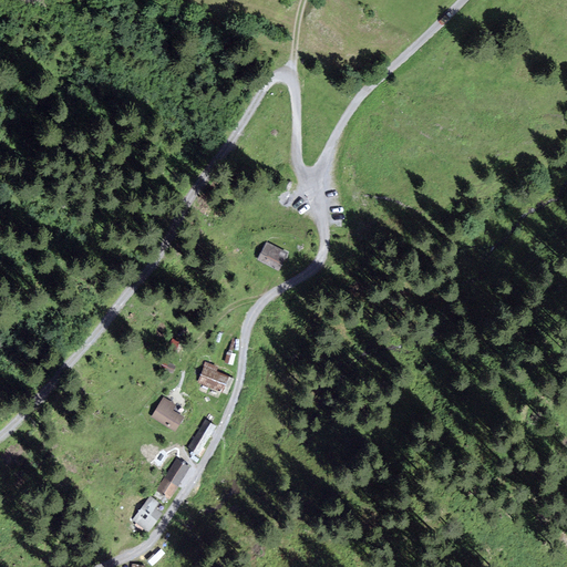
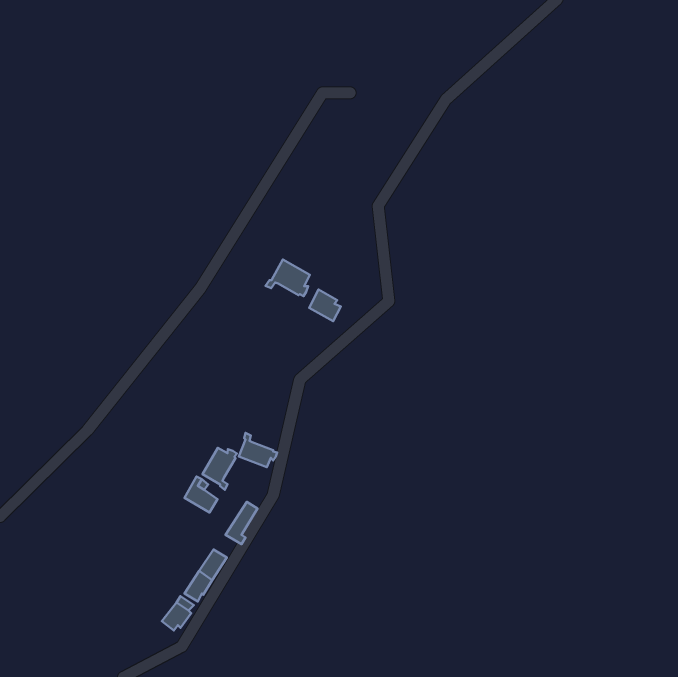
building: none -> [266,260,310,296]
building: none -> [203,448,237,490]

